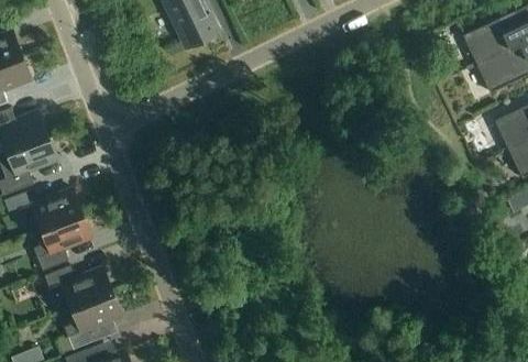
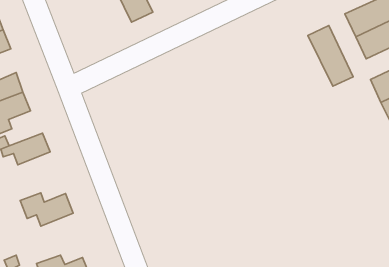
building: none -> [308,26,353,86]
building: [33,212,91,271] -> none
building: [64,292,122,349] -> none

